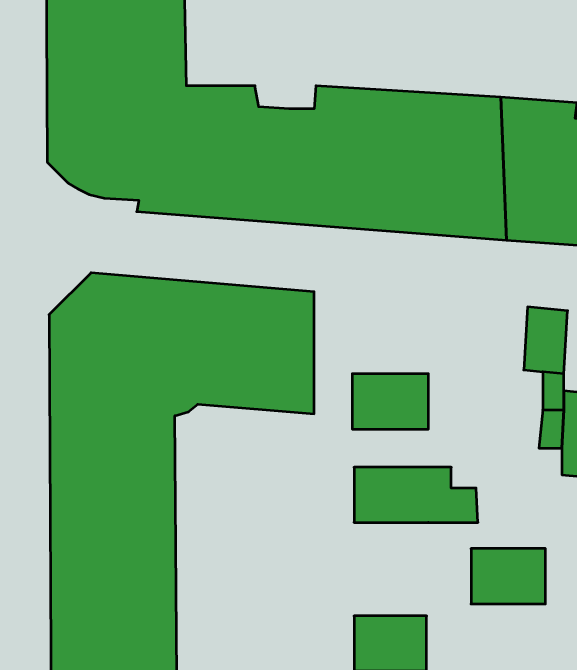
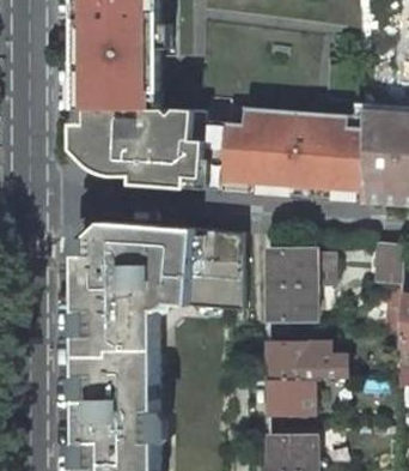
building: none -> [264,249,329,284]
building: [471,549,545,604] -> [265,378,312,412]

